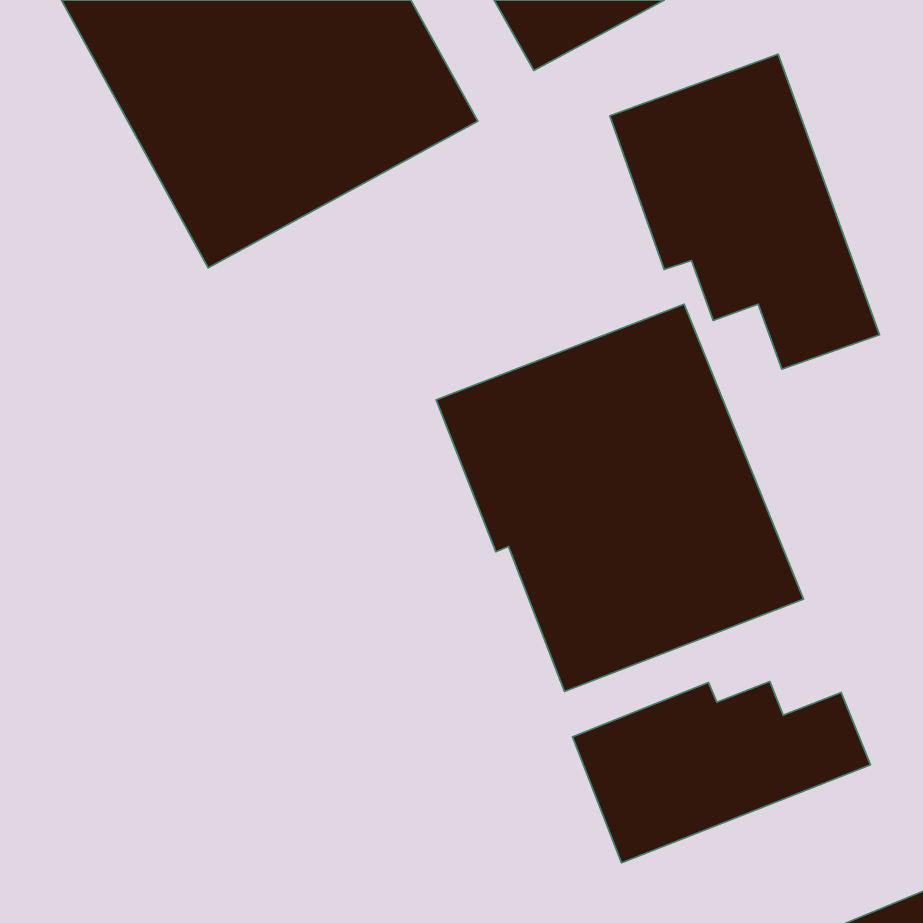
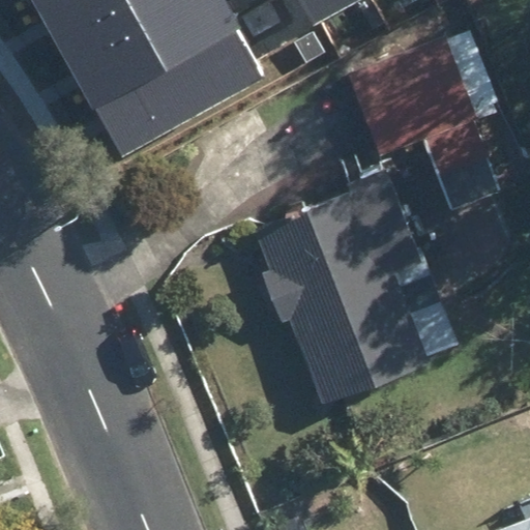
building: [572,681,870,863] -> none

